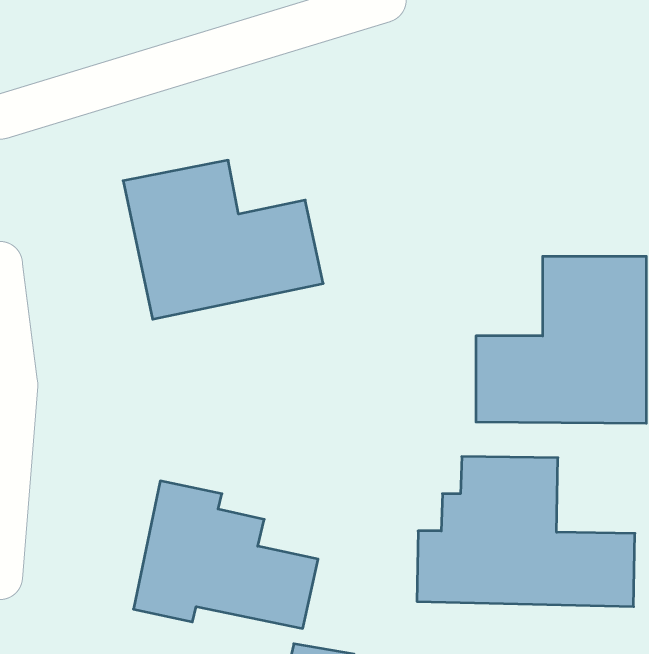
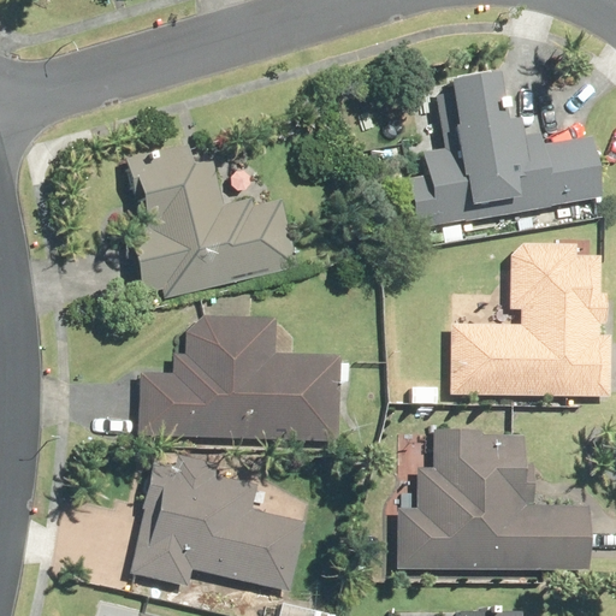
building: none -> [405,73,597,231]
building: none -> [140,315,336,439]

